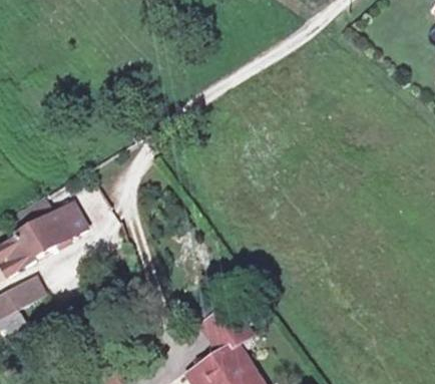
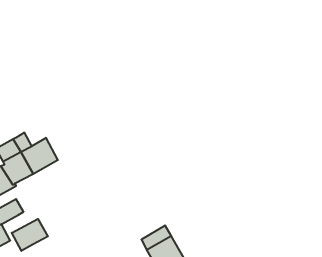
building: none -> [12,219,48,251]

